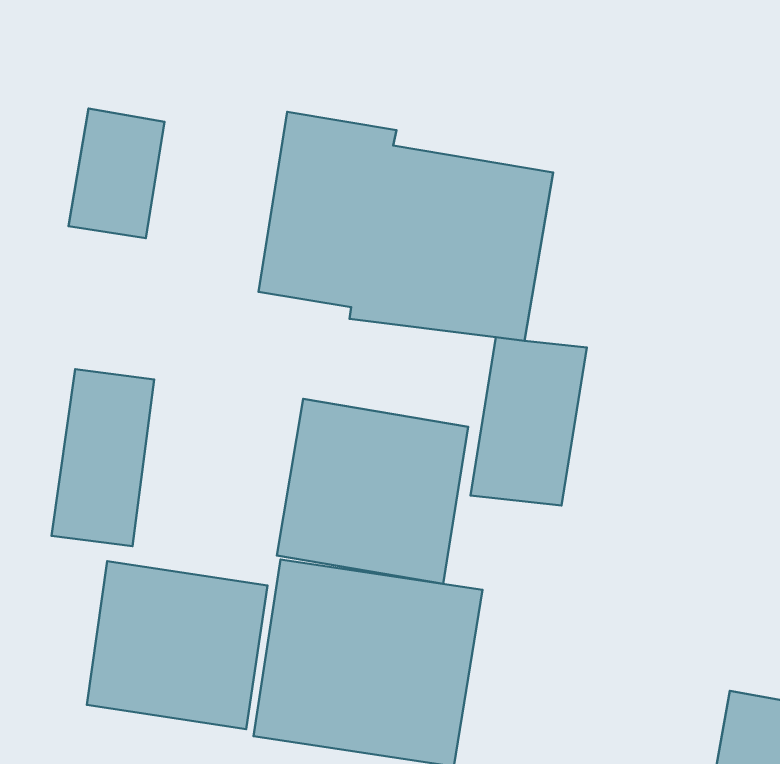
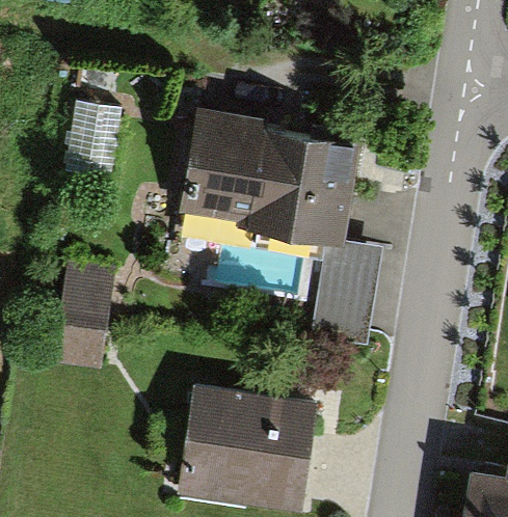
building: [277,399,468,584] -> none
building: [87,561,268,729] -> none

